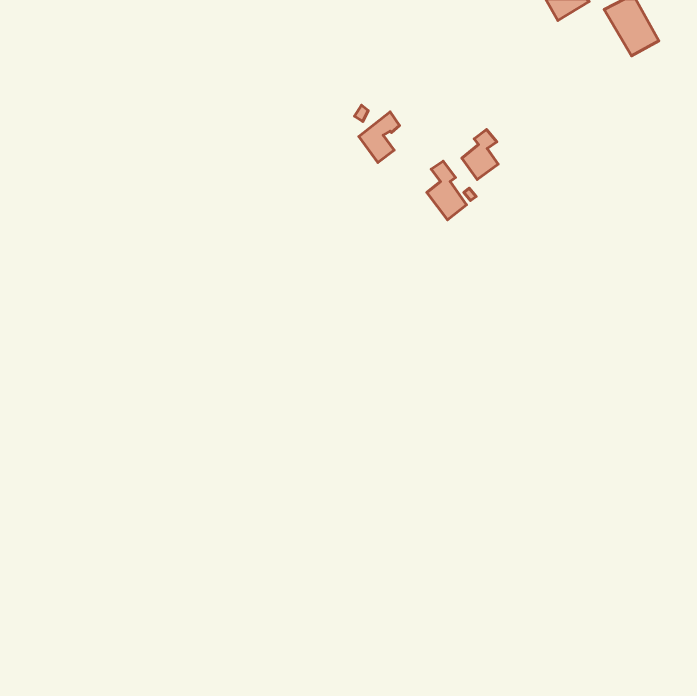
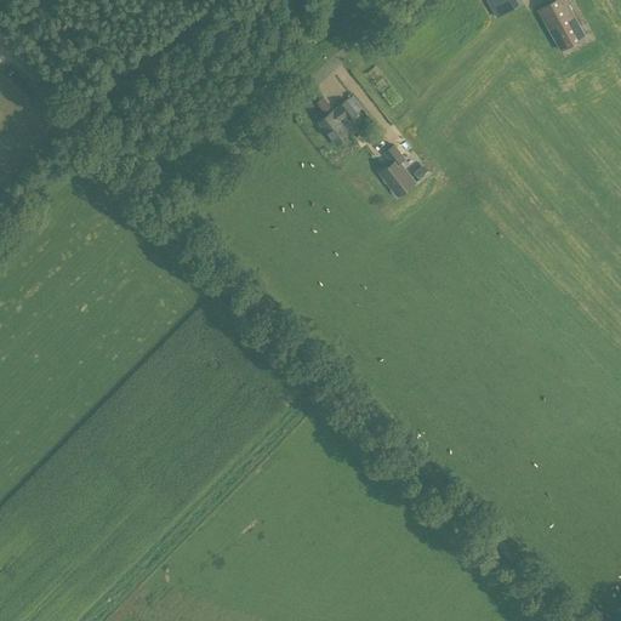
building: [462,129,498,180] -> none

